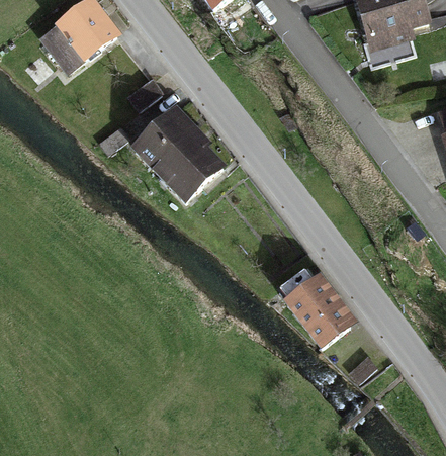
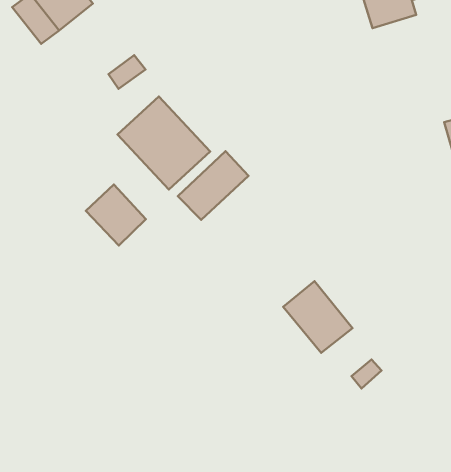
building: none -> [178,151,248,220]
building: none -> [86,185,146,245]

